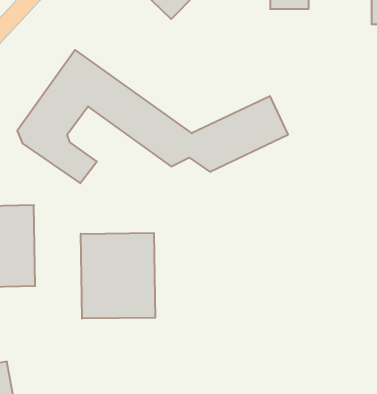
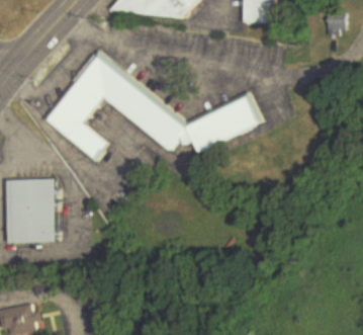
building: [81,233,155,319] -> none

